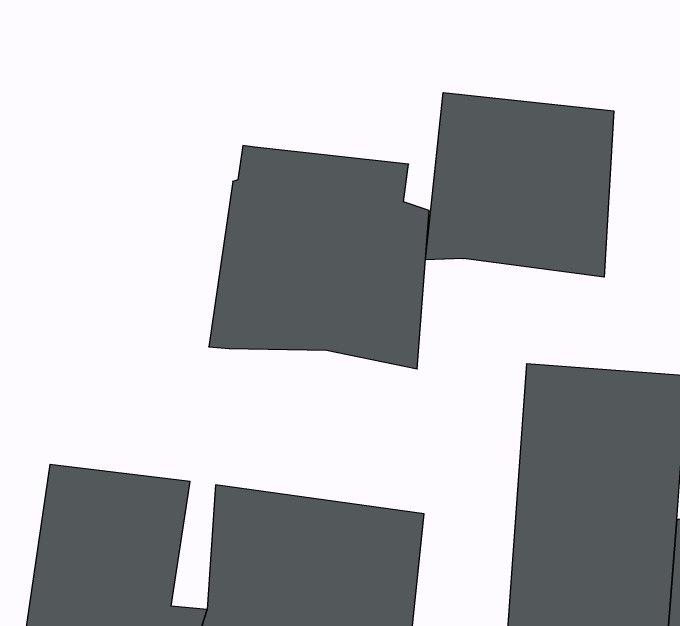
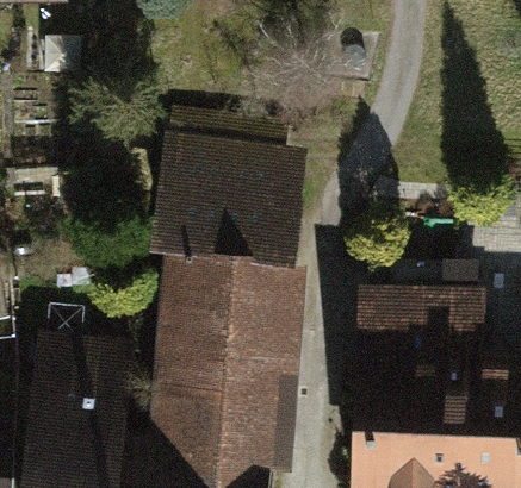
building: [425,93,614,277] -> none
building: none -> [155,246,308,362]

